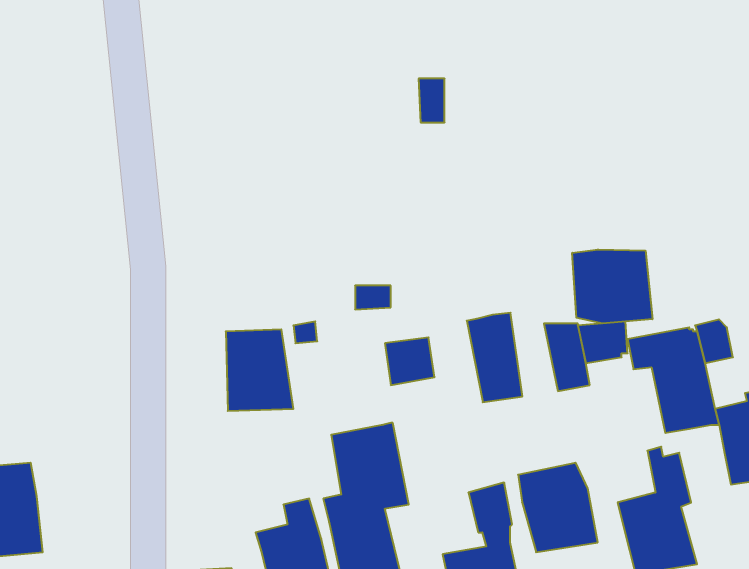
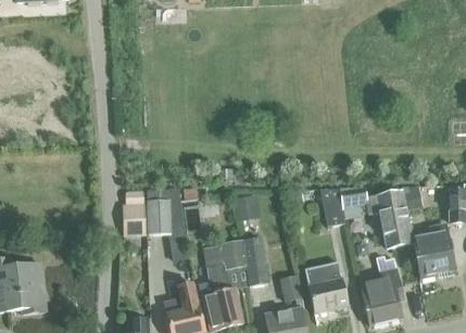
building: [572,249,652,323] -> none
building: [467,313,522,402] -> [238,236,268,285]
building: none -> [123,202,146,234]

